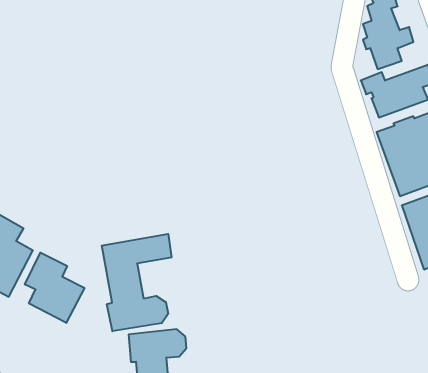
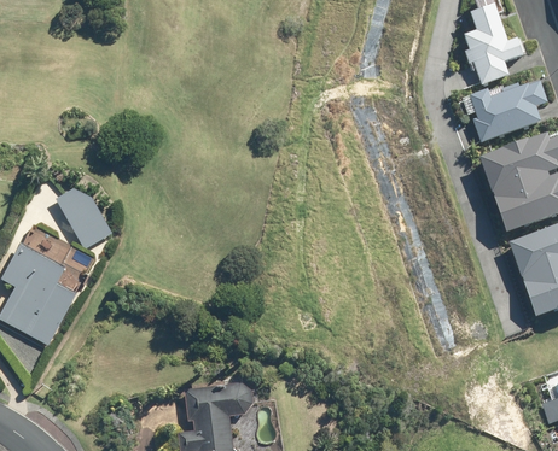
building: none -> [59,189,116,248]
building: [102,234,171,331] -> none
building: [25,253,84,323] -> none

